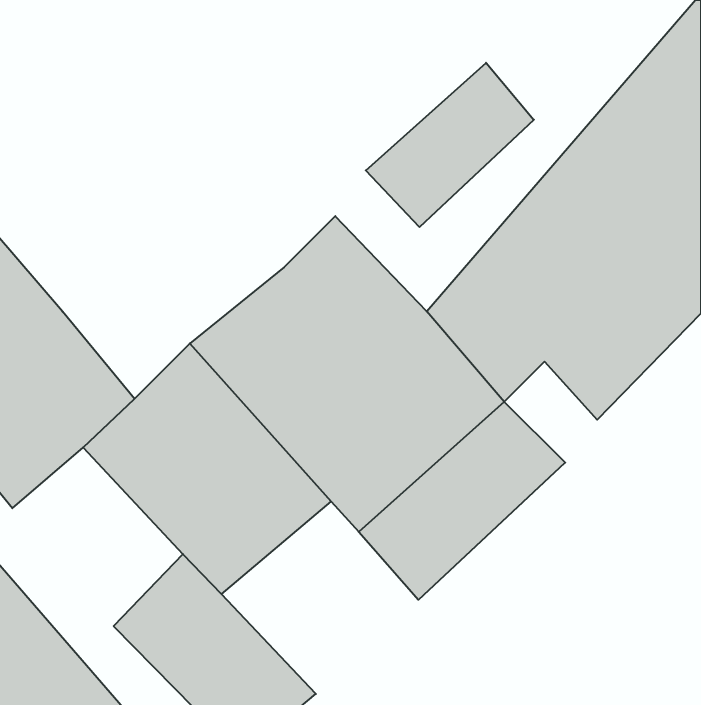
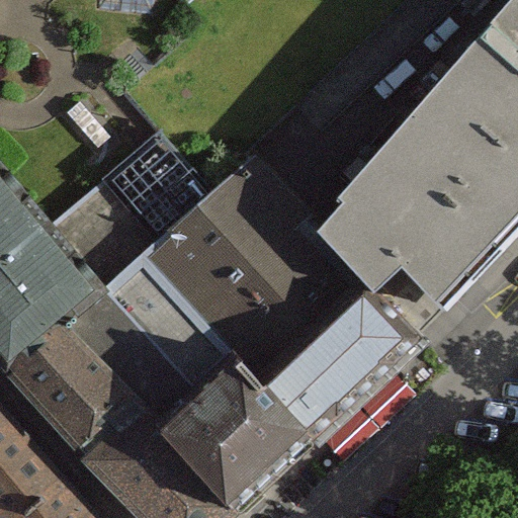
building: [366,63,534,227] -> none
building: none -> [46,137,207,293]
building: none -> [9,329,134,459]
building: none -> [162,368,306,509]

